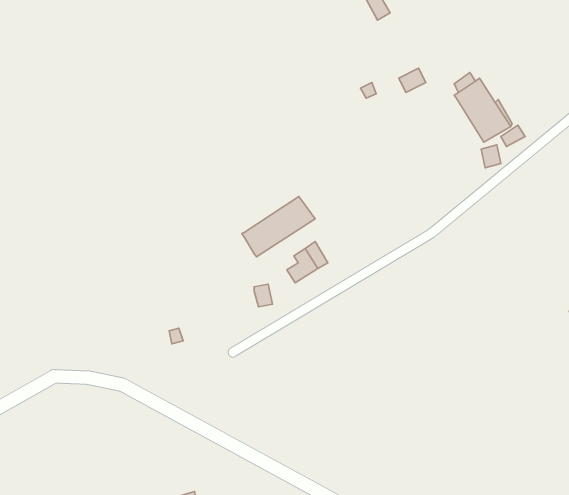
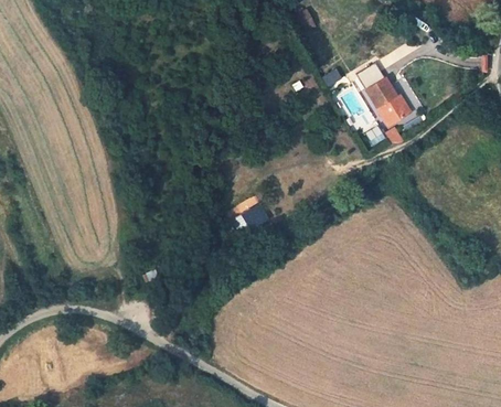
building: [242,197,315,257] -> none

